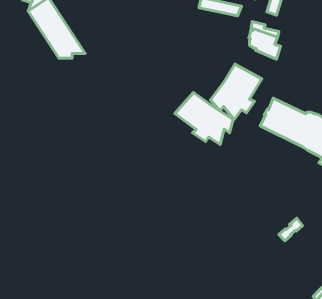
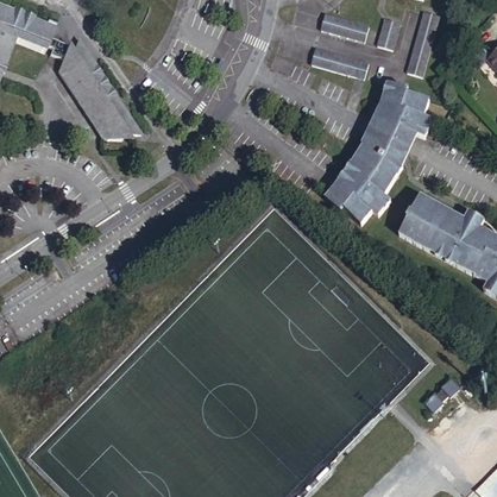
building: none -> [359,107,414,166]
building: [175,92,233,144] -> none

